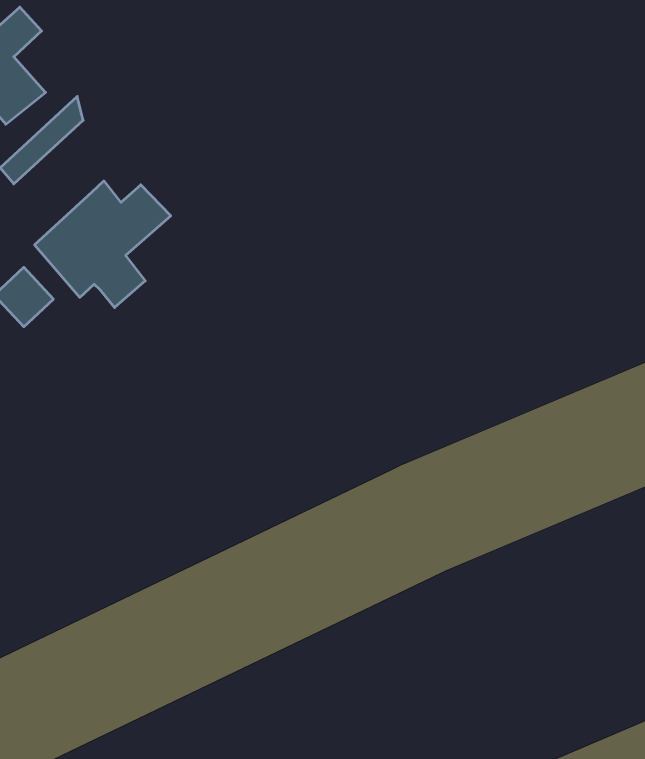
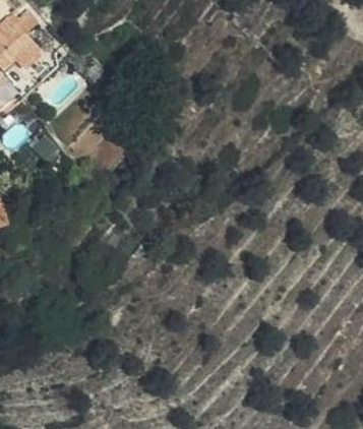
building: [35,181,171,308] -> none

